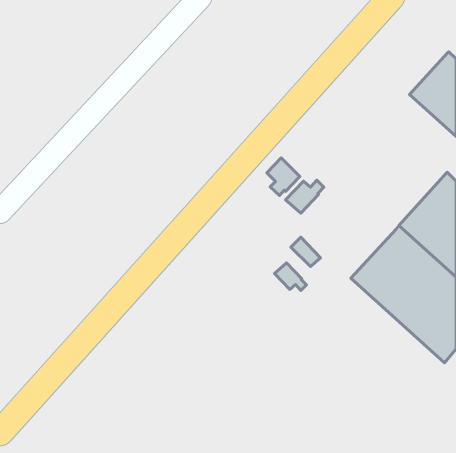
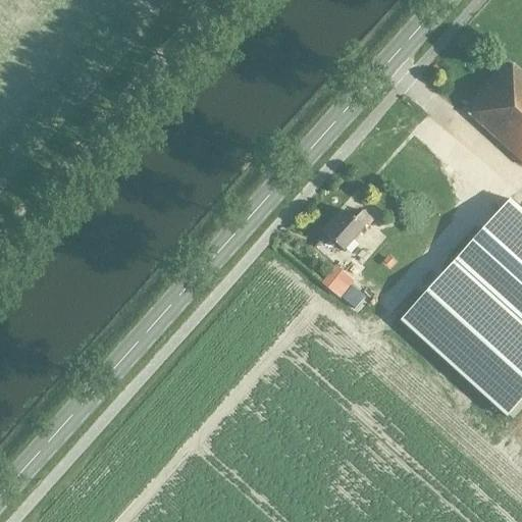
building: [267,158,300,196] -> none
building: [274,263,307,291] -> none

